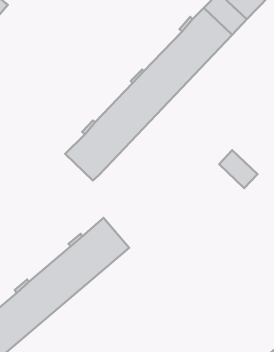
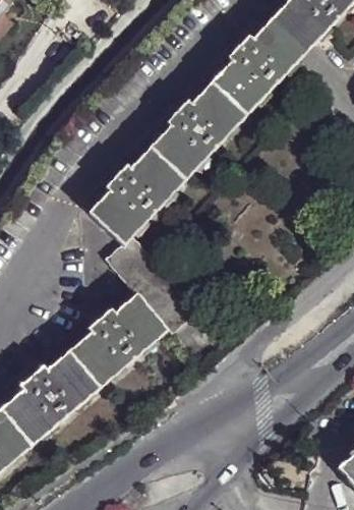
building: [219,150,258,188] -> none
building: none -> [107,238,189,330]

